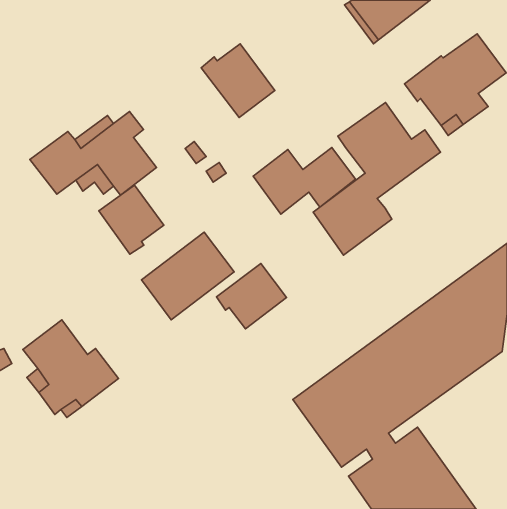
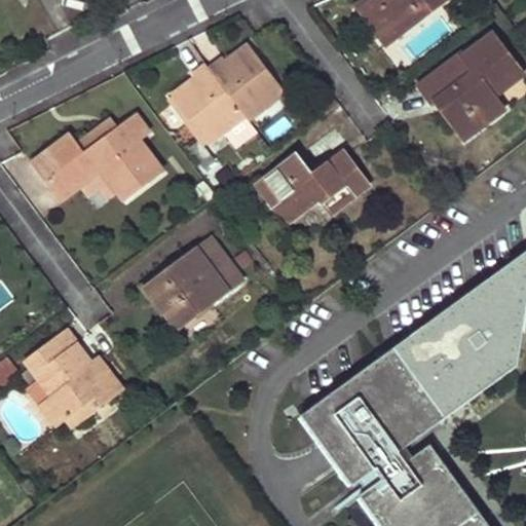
building: none -> [171,66,256,150]
building: [313,103,441,255] -> none
building: [99,185,164,254] -> none
building: [217,264,287,329] -> none

